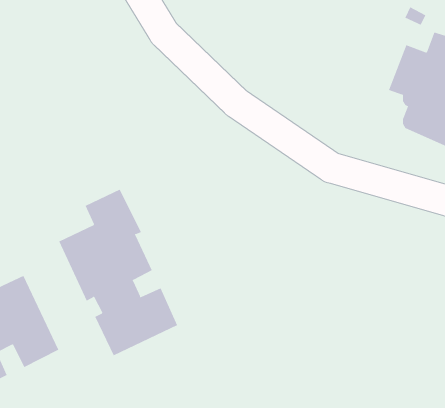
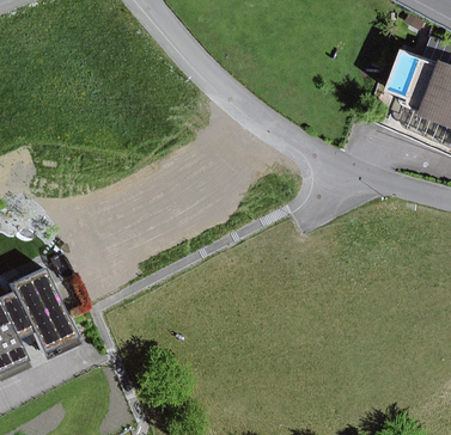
building: [59,189,178,356] -> none

